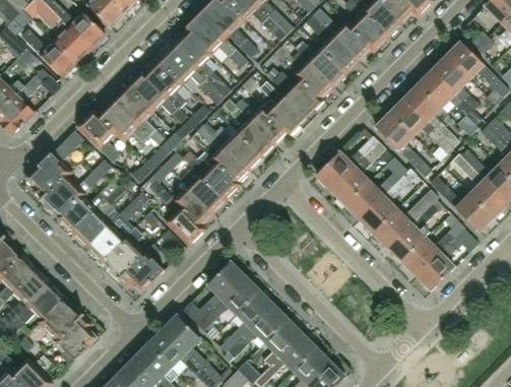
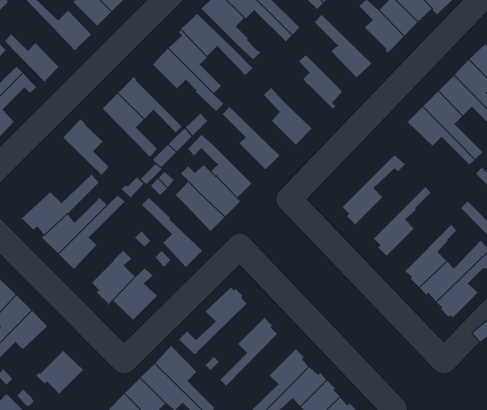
building: [312,8,370,60] -> none
building: [53,19,88,63] -> none
building: [298,44,343,85] -> none
building: [144,61,185,109] -> none
building: [272,73,322,116] -> none
building: [234,100,289,143] -> none
building: [99,101,156,151] -> none
building: [375,113,431,177] -> none
building: [213,124,261,169] -> none
building: [25,130,83,201] -> none
building: [315,135,378,190] -> none
building: [342,171,400,218] -> none
building: [175,188,211,224] -> none
building: [371,188,438,248] -> none
building: [87,192,150,261] -> none
building: [197,277,260,331] -> none
building: [39,300,83,340] -> none
building: [222,305,289,362] -> none

